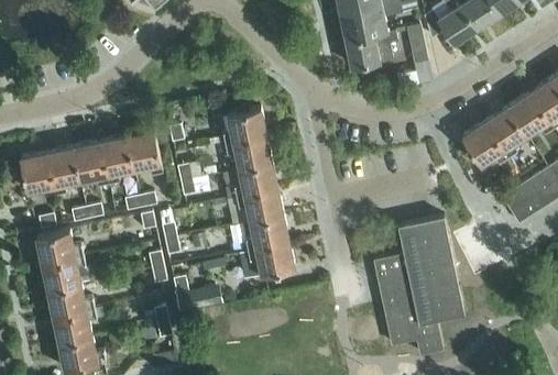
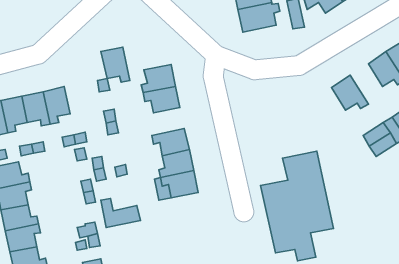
building: [485,107,526,157] -> none
building: [127,130,163,174] -> [101,47,130,82]
building: [234,162,277,197] -> none

